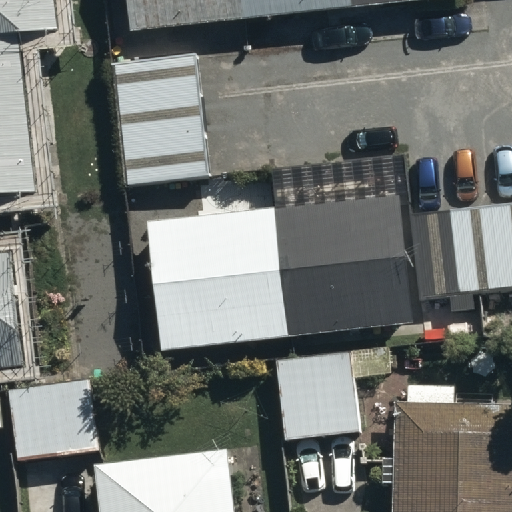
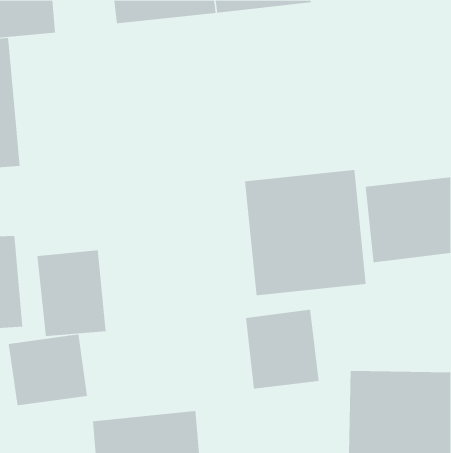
building: [113,51,211,186] -> none
building: [149,205,288,346] -> none
building: none -> [37,249,106,337]

